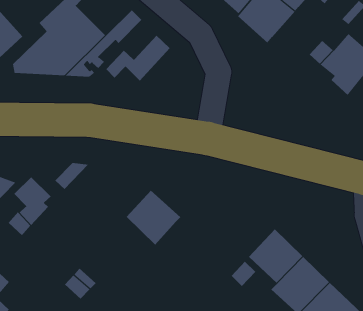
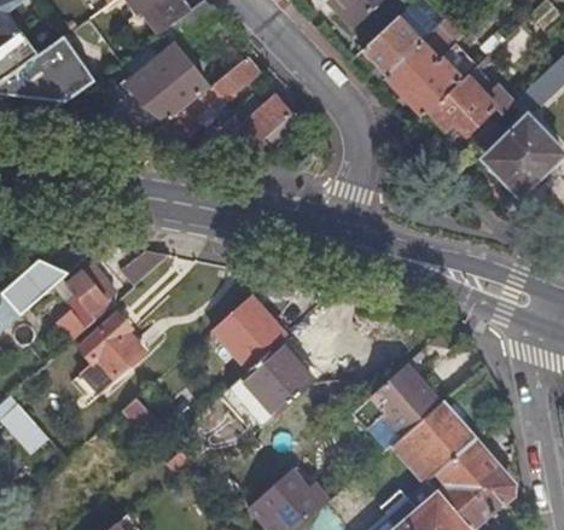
building: none -> [428,75,495,134]
building: none -> [81,314,144,392]
building: none -> [239,342,314,417]

